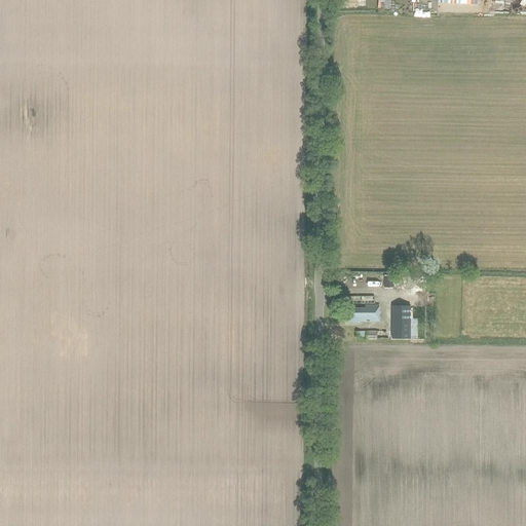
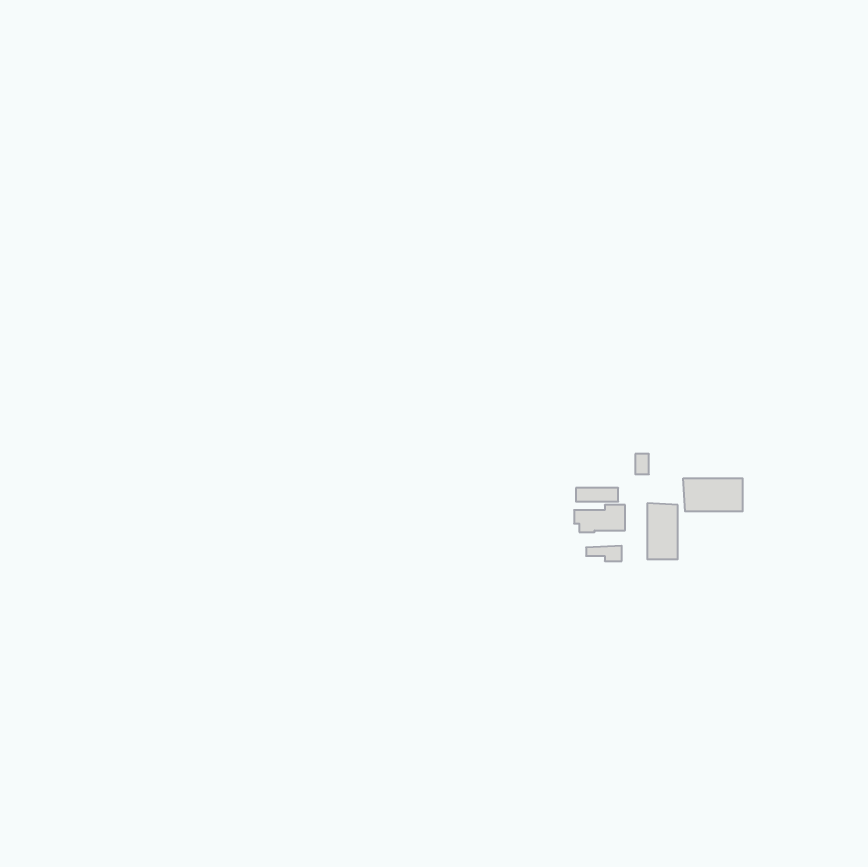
building: none -> [683,478,743,511]

